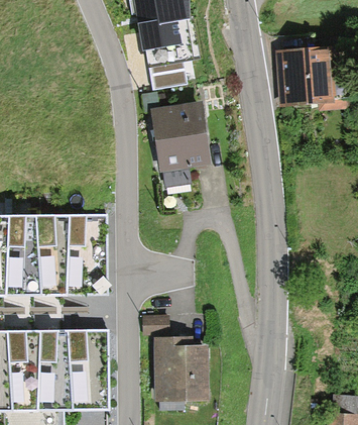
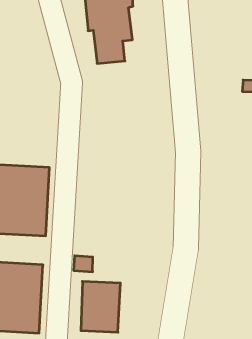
building: [280,50,323,104] -> none
building: [149,100,211,172] -> none

